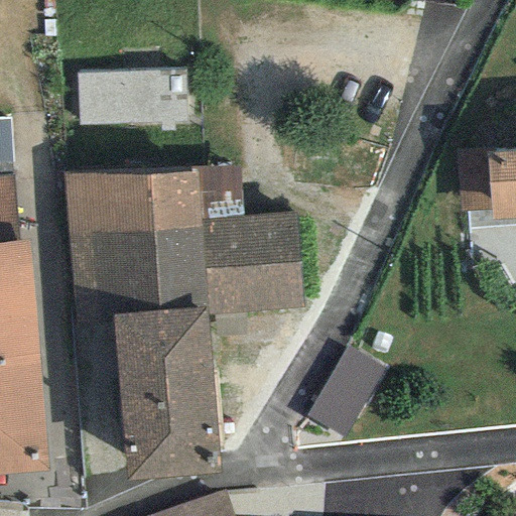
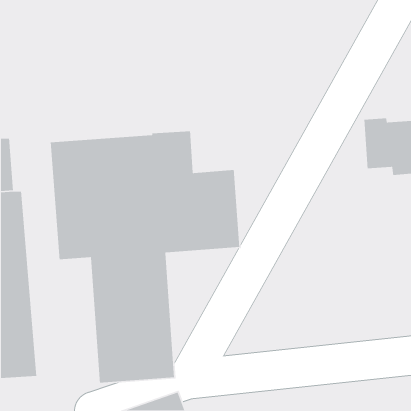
building: [76,71,186,125] -> none
building: [310,345,380,433] -> none

